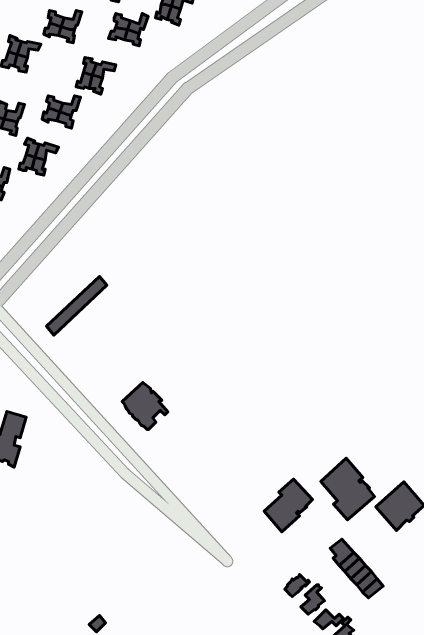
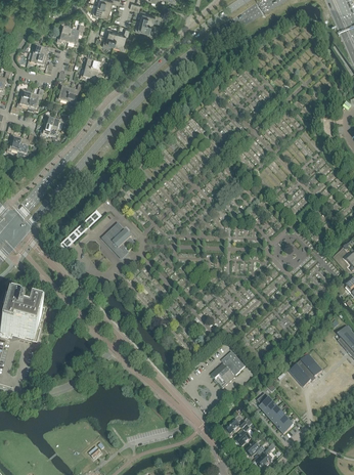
building: [122,382,168,429] -> [103,222,135,255]
building: [321,458,375,520] -> none

